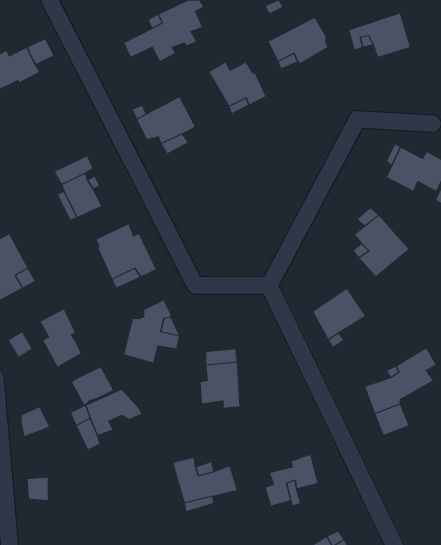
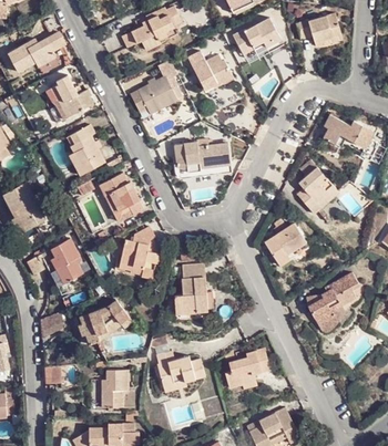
building: none -> [50,74,83,117]
building: none -> [172,141,228,179]
building: [71,366,114,406] -> none
building: none -> [102,369,132,406]

